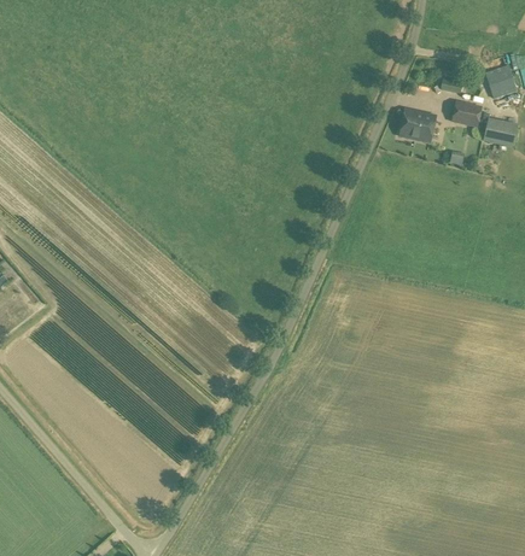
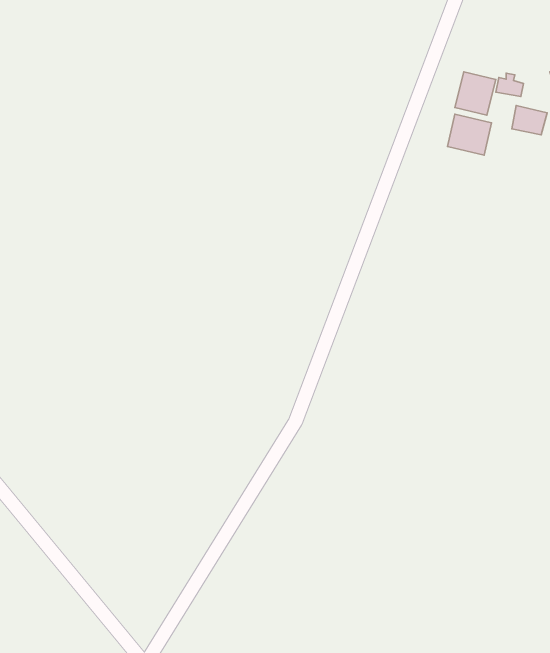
building: none -> [455,72,496,115]

